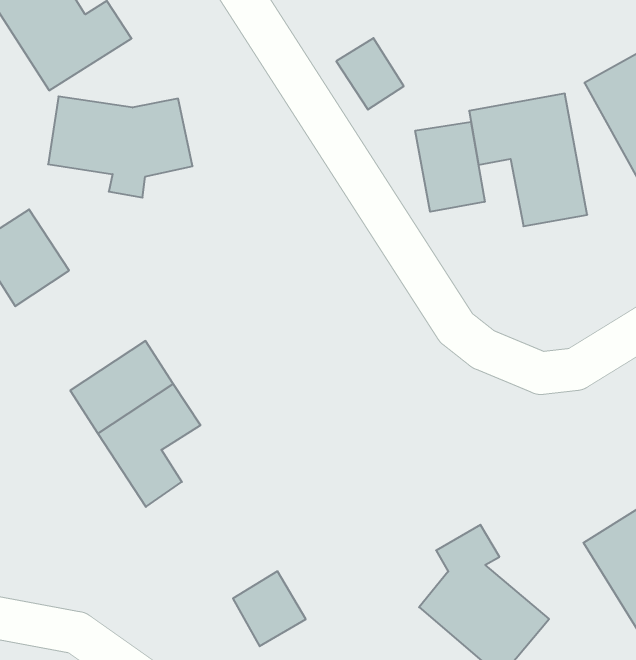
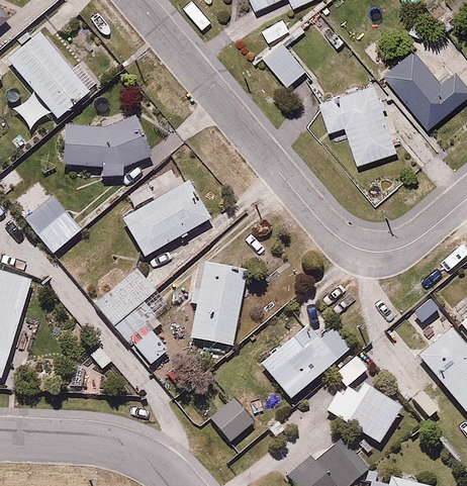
building: [336,38,404,110] -> [262,39,305,84]
building: [415,122,485,212] -> none
building: none -> [119,177,211,258]
building: none -> [193,267,246,353]
building: none -> [271,309,352,399]

